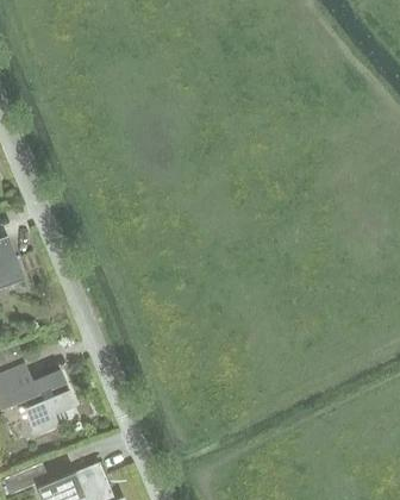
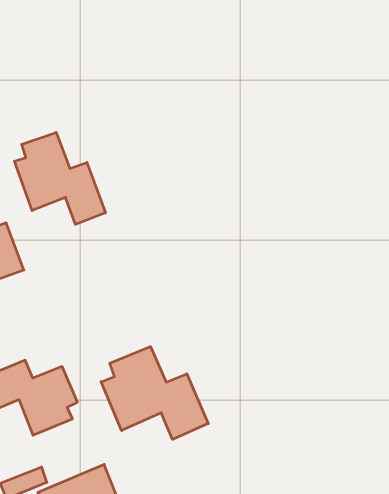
building: none -> [14,132,105,224]
building: none -> [101,347,208,439]

